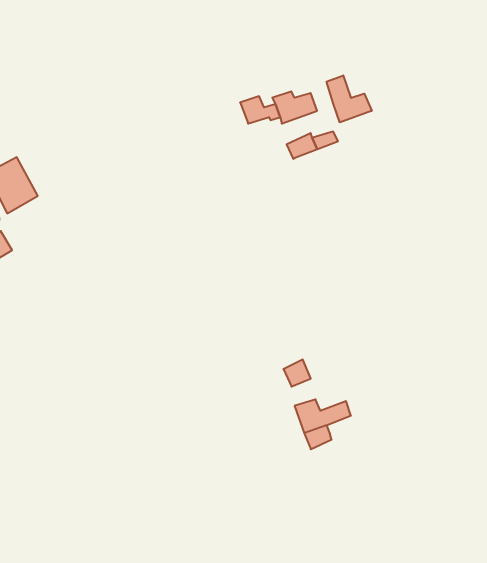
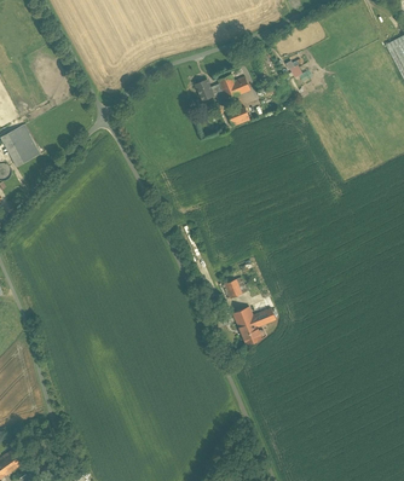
building: [327,75,372,122] -> none

